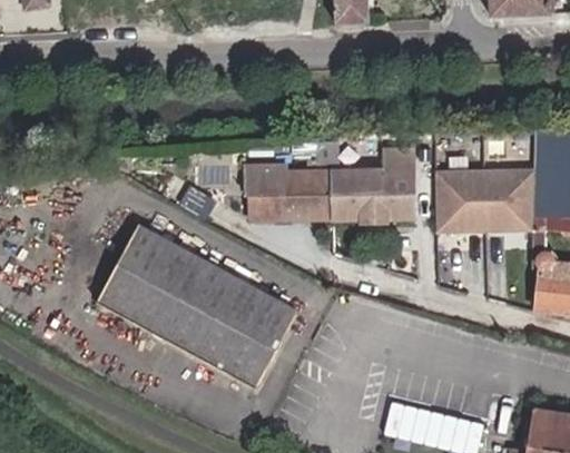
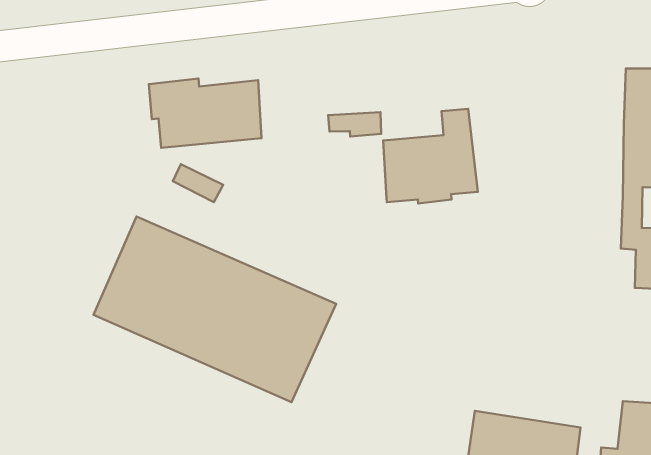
building: [248,166,338,220] -> [149,79,262,148]
building: [440,174,538,234] -> none

